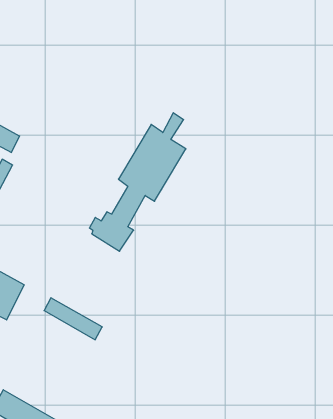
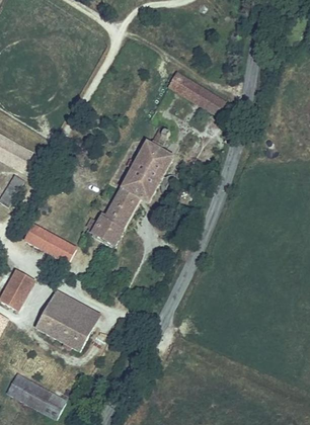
building: none -> [167,72,227,119]
building: none -> [26,225,75,262]
building: none -> [35,303,94,353]

